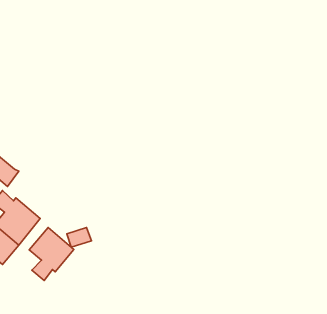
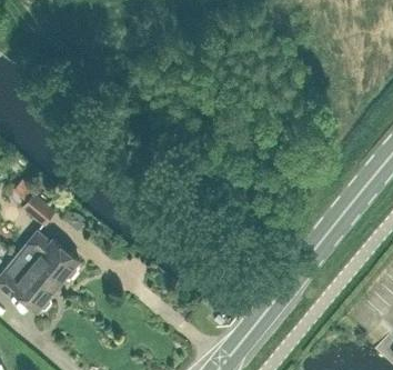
building: [29,227,74,280] -> none

